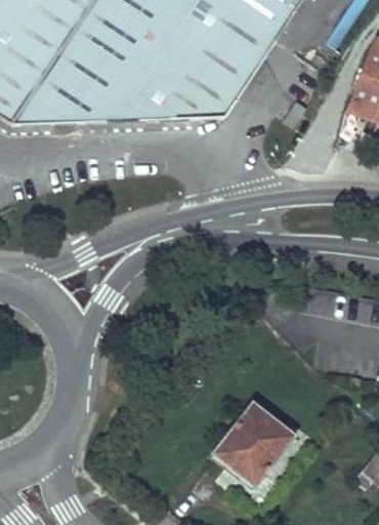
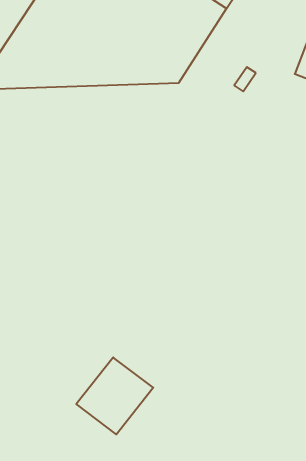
building: [212,402,293,483] -> [76,357,153,434]

